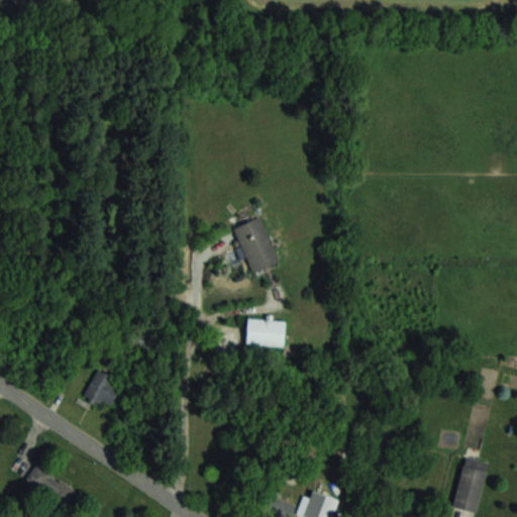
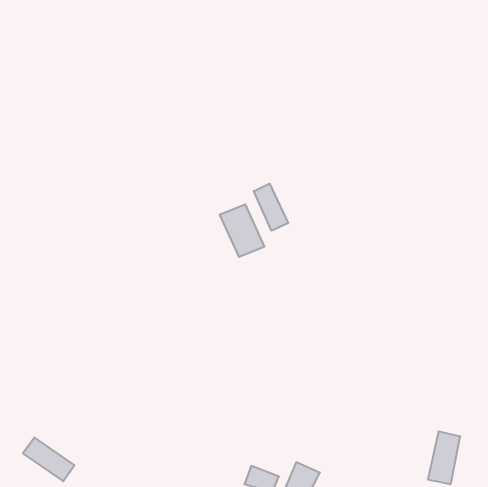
building: none -> [254,184,288,231]
building: [246,319,284,346] -> none
building: [84,370,122,408] -> none

